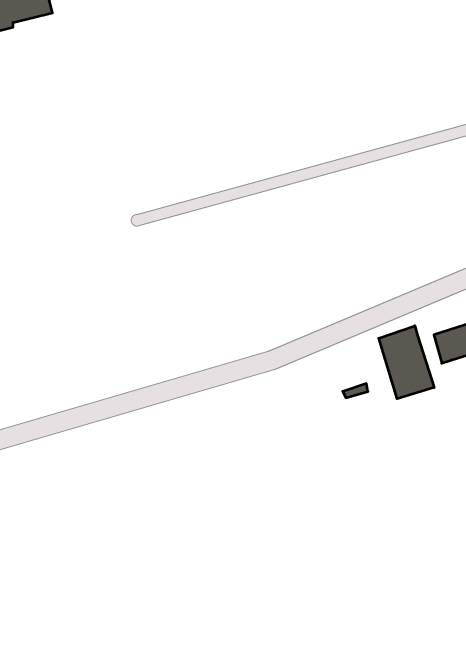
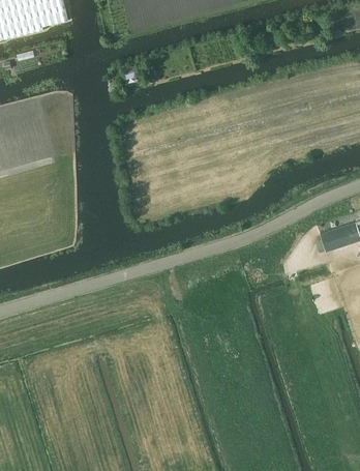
building: [379,326,434,399] -> none

